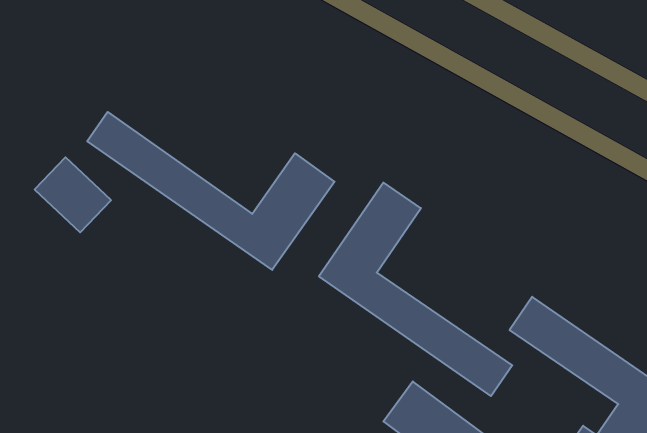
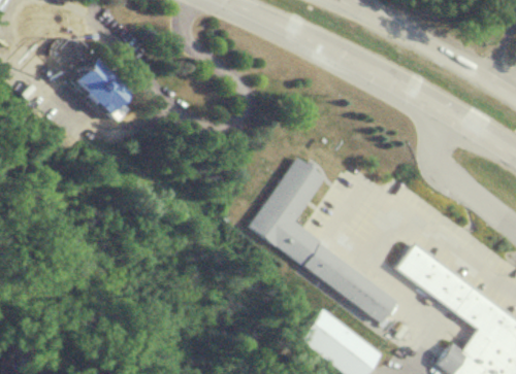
building: [87,112,335,270] -> none
building: [35,157,111,232] -> [73,58,132,115]

